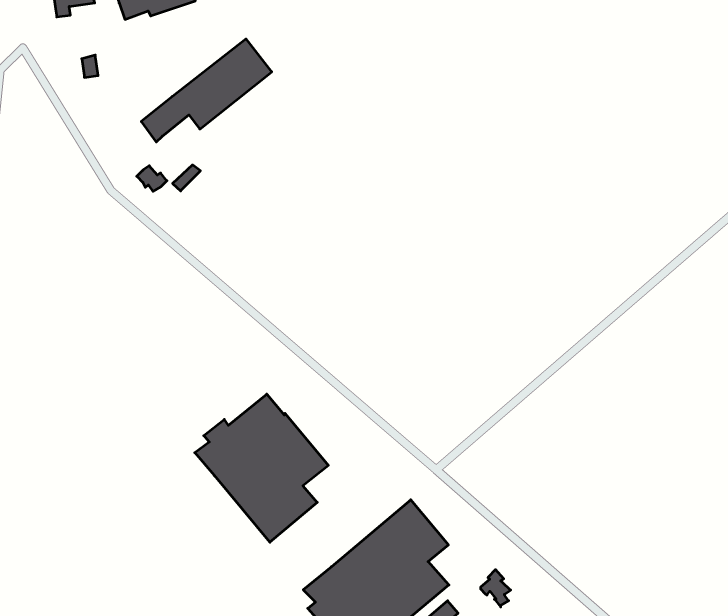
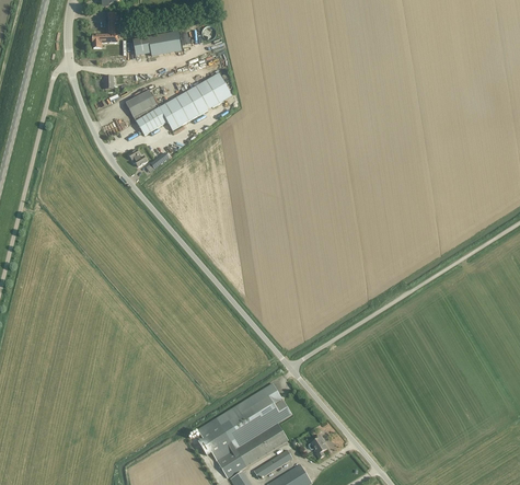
building: none -> [126,90,159,120]
building: [195,394,328,542] -> none

